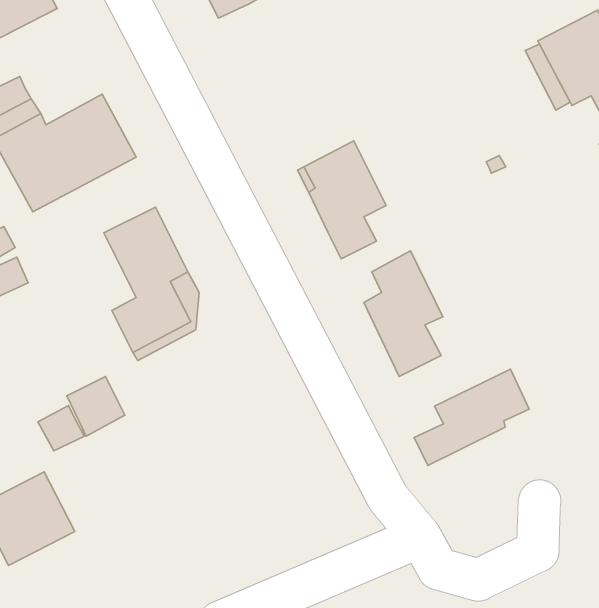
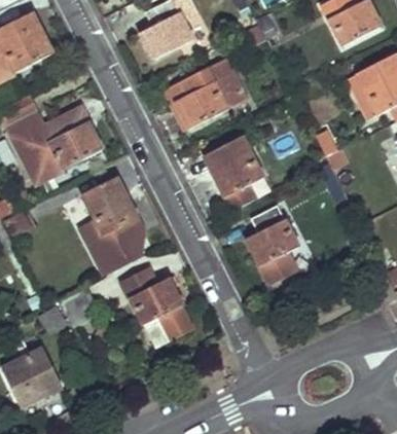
building: none -> [167,57,246,128]
building: none -> [121,268,193,339]
building: [414,369,529,465] -> none

